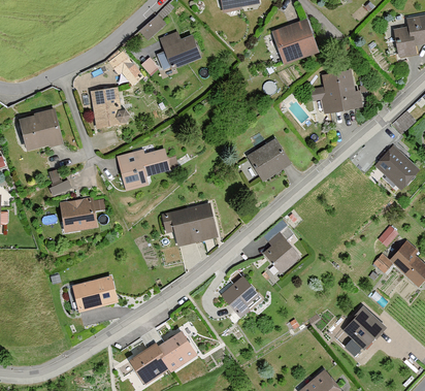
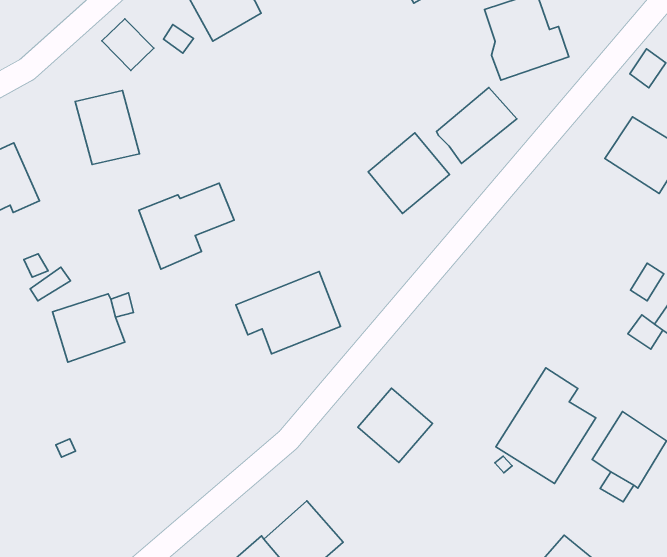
building: none -> [436,87,517,163]
building: [258,233,297,272] -> none
building: [67,274,119,313] -> none
building: none -> [496,368,596,484]

